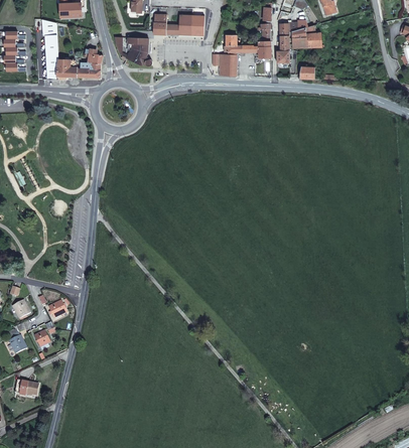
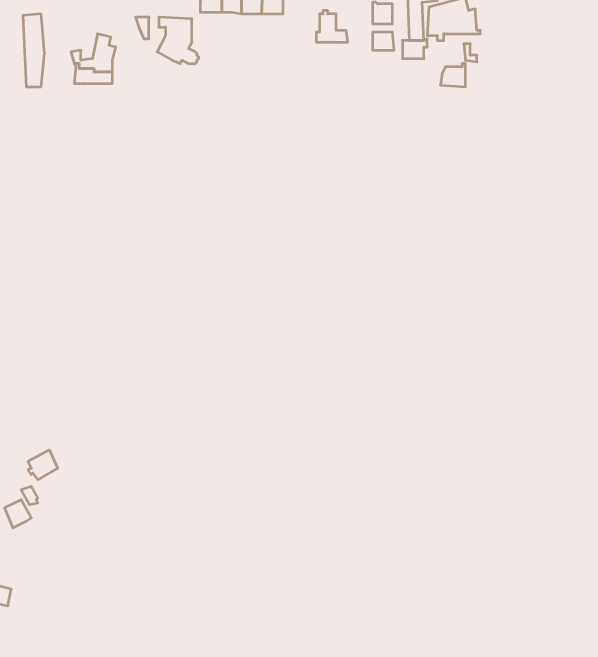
building: [218,53,237,74] -> none
building: [56,58,78,80] -> none

